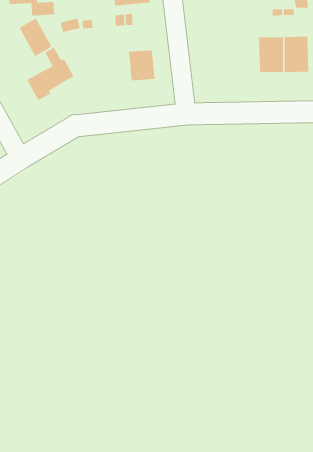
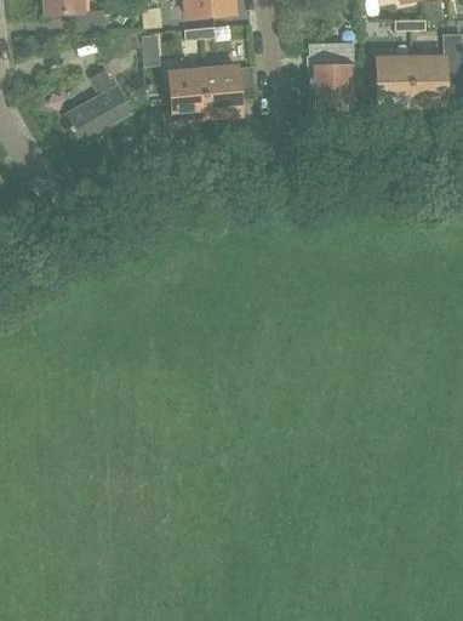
building: [19,17,52,57] -> none
building: none -> [310,41,354,106]
building: none -> [170,75,206,119]

